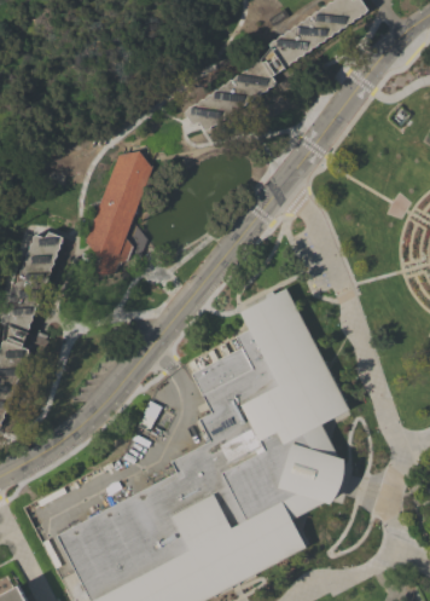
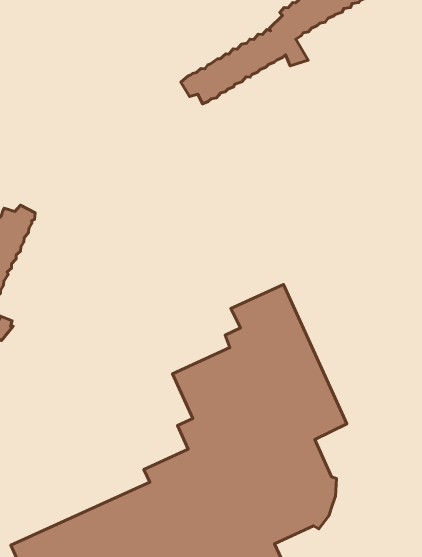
building: [85,150,152,275] -> none

